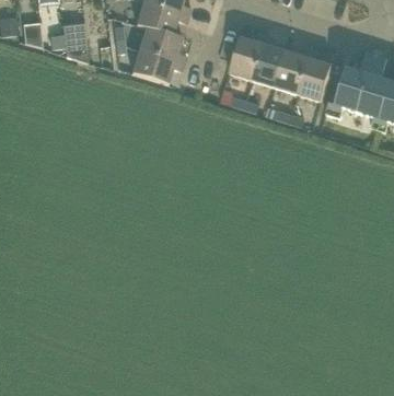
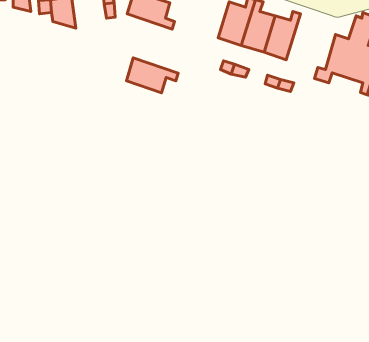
building: [132,47,184,82] -> [127,58,178,93]
building: [298,47,333,101] -> none

